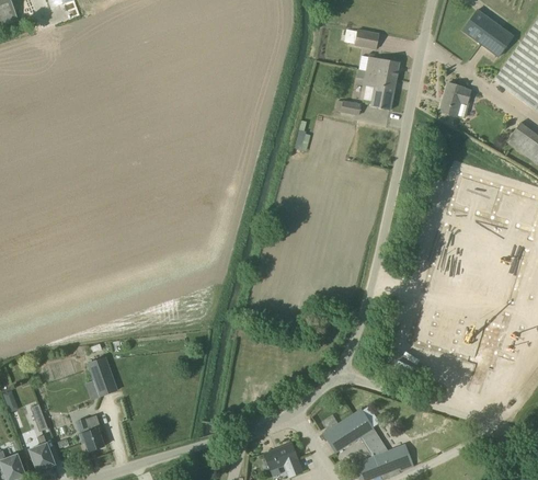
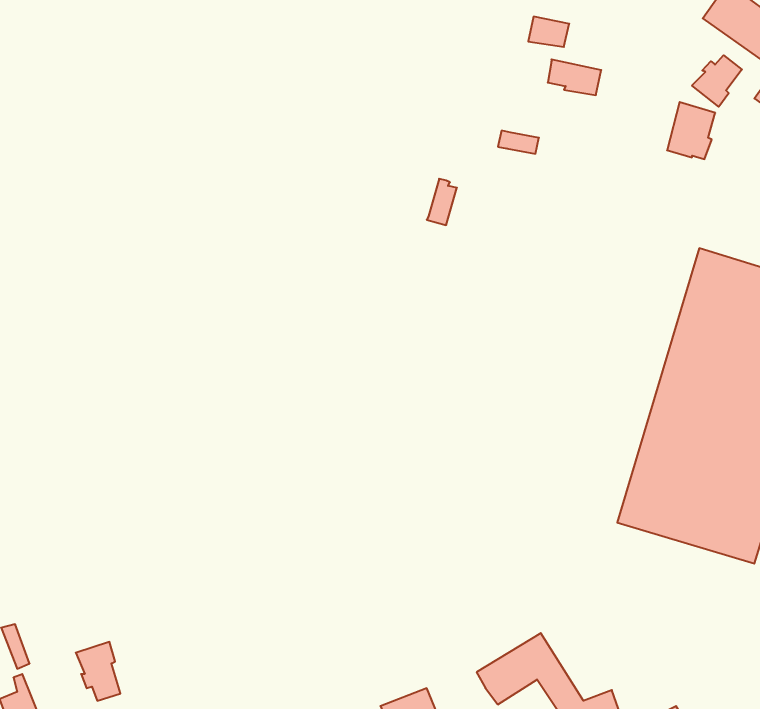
building: none -> [692,55,742,107]
building: [364,70,397,110] -> none
building: [88,355,118,397] -> none

